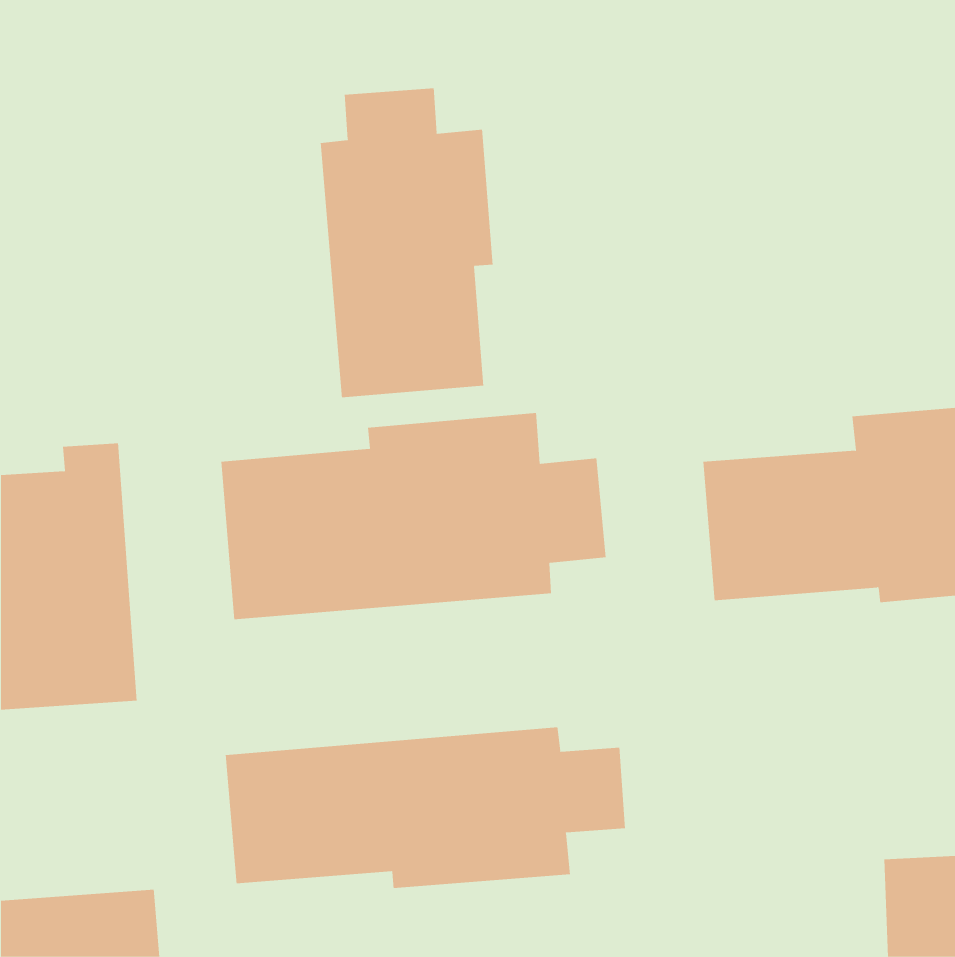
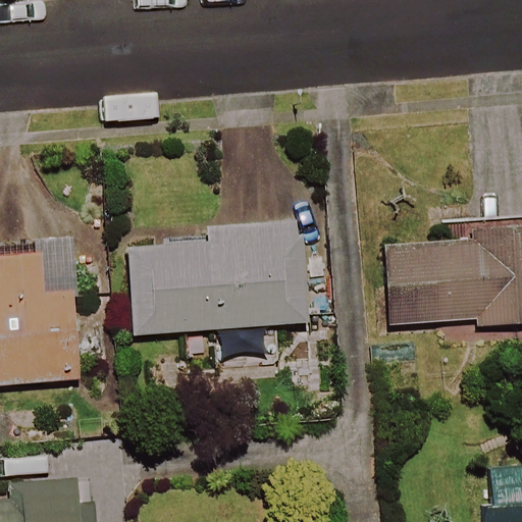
building: [320,88,493,398] -> none
building: [225,726,626,889] -> none

